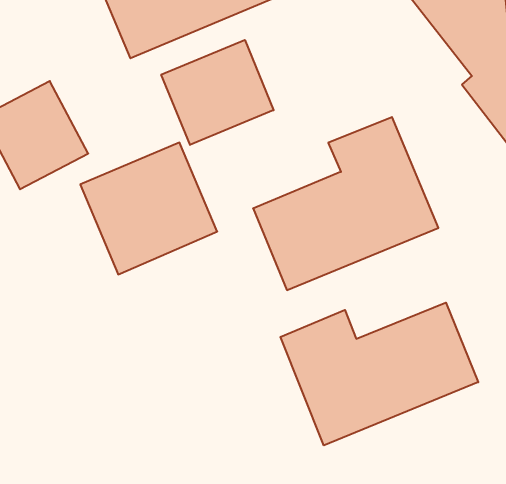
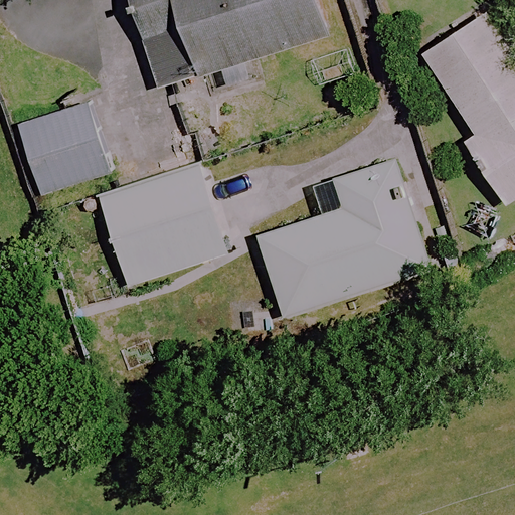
building: [161,40,274,145] -> none
building: [280,303,478,445] -> none

